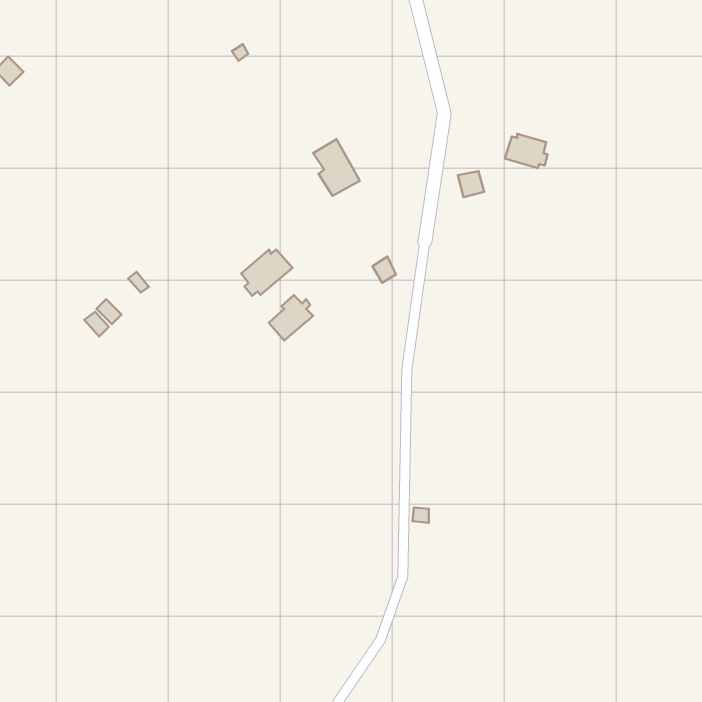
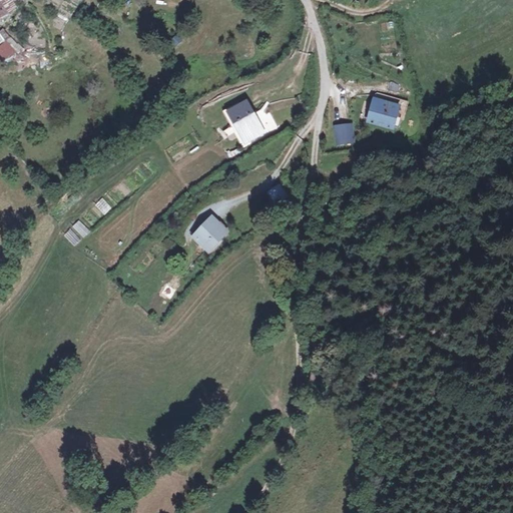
building: [241,249,292,296] -> none

